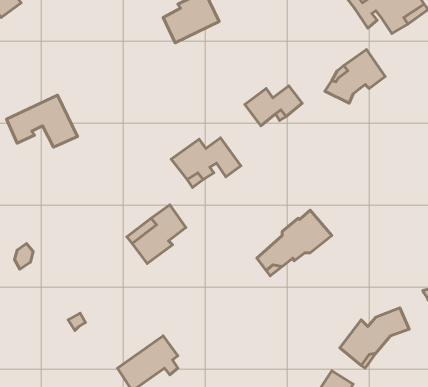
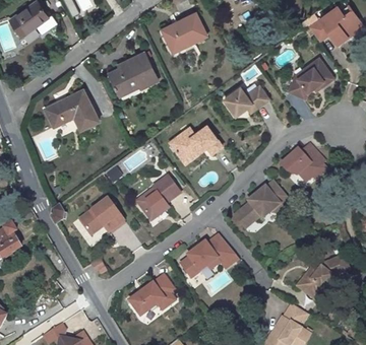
building: none -> [108,54,156,93]
building: none -> [283,142,329,182]
building: none -> [79,198,125,234]
building: none -> [180,232,240,276]

